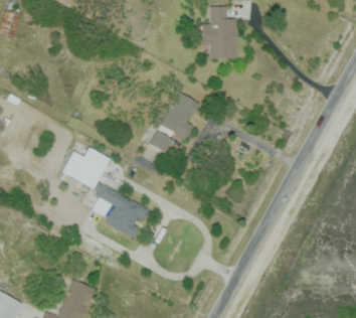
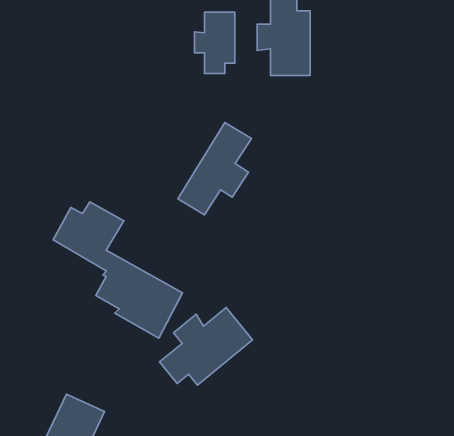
building: none -> [194,12,235,74]
building: none -> [160,308,253,385]

